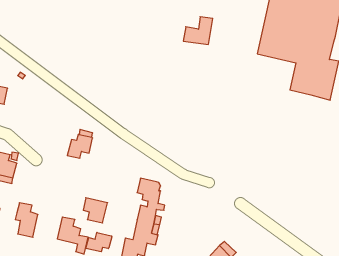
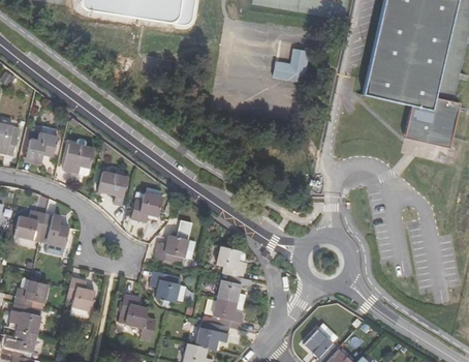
building: none -> [62,143,93,174]
building: none -> [97,171,127,204]
building: none -> [155,234,187,264]
building: [86,232,112,252] -> none

